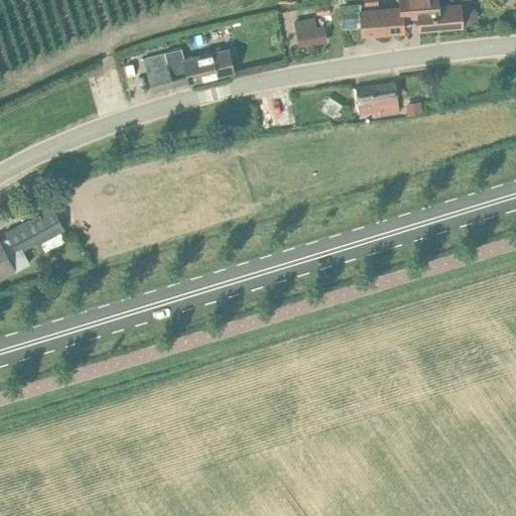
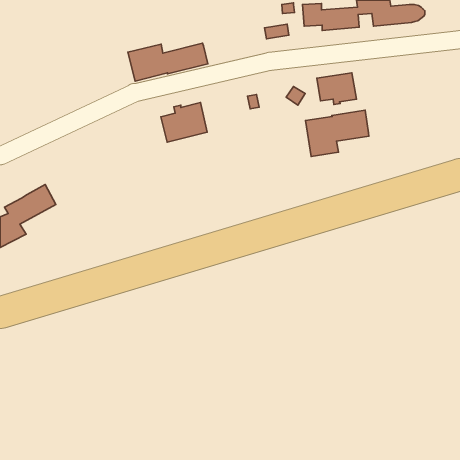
building: none -> [161,103,207,142]
building: none -> [306,110,369,157]

